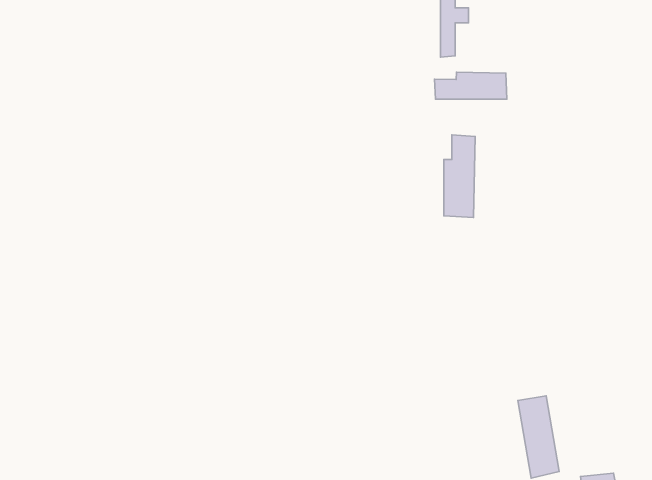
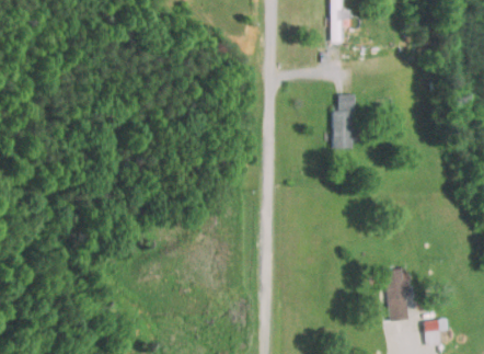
building: [435,72,507,99] -> none

